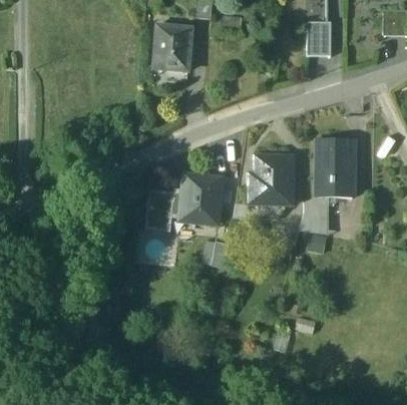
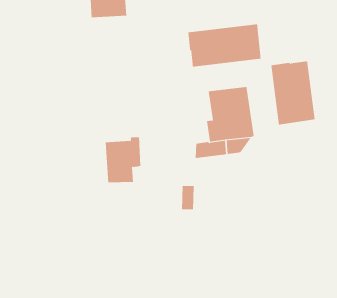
building: none -> [188,23,261,68]
building: [179,173,223,223] -> none
building: [307,210,328,250] -> none

